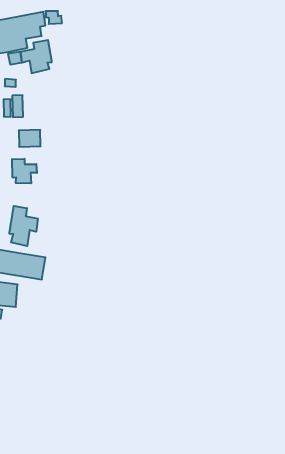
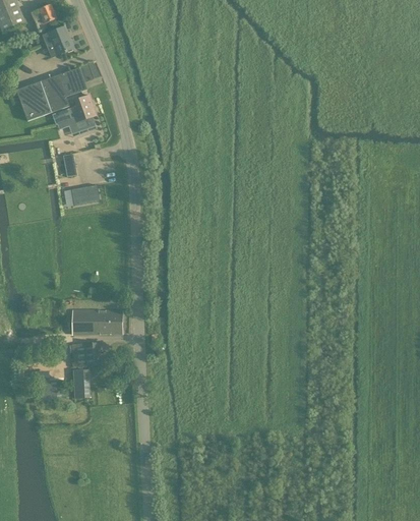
building: [12,159,37,183] -> none
building: [9,206,38,246] -> none

